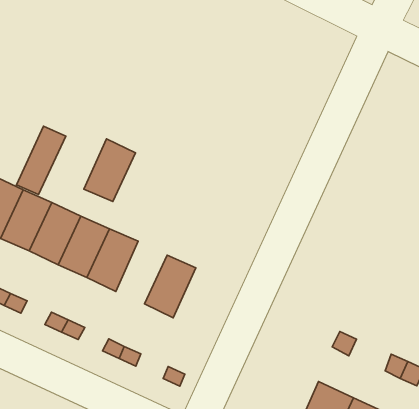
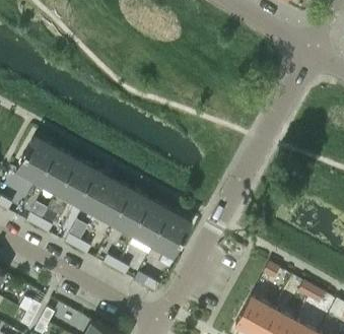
building: [16,126,66,195] -> none
building: [84,139,135,202] -> [115,190,152,233]
building: none -> [153,211,193,256]

